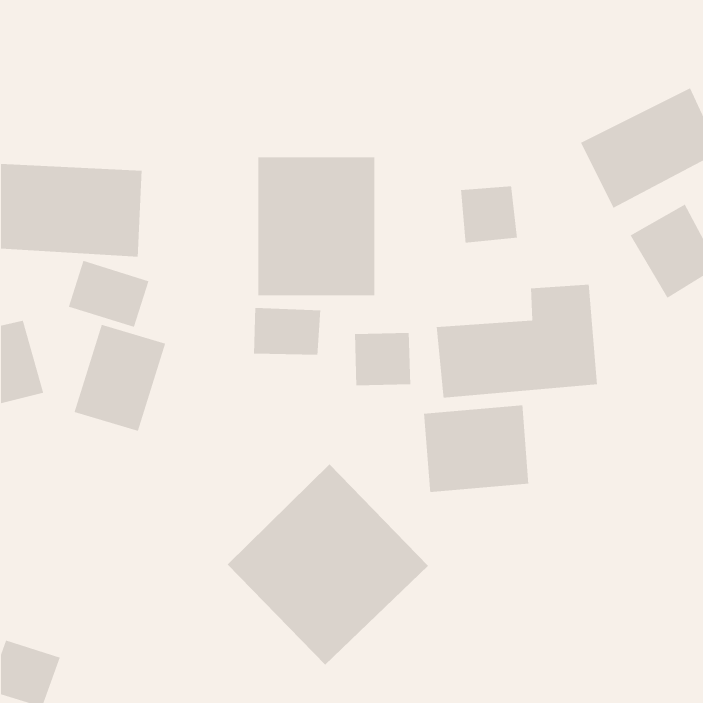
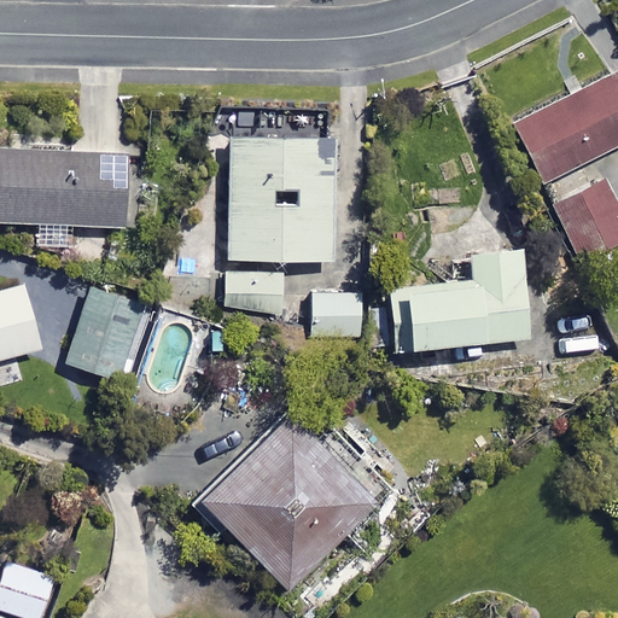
building: [460,186,518,244] -> none
building: [68,260,149,328] -> none
building: [423,404,529,493] -> none

